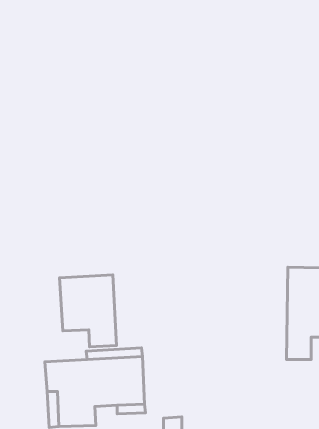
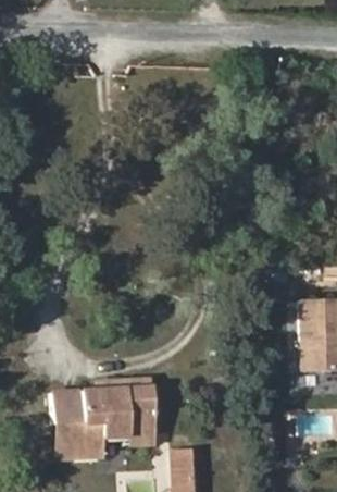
building: [60,275,117,347] -> none

